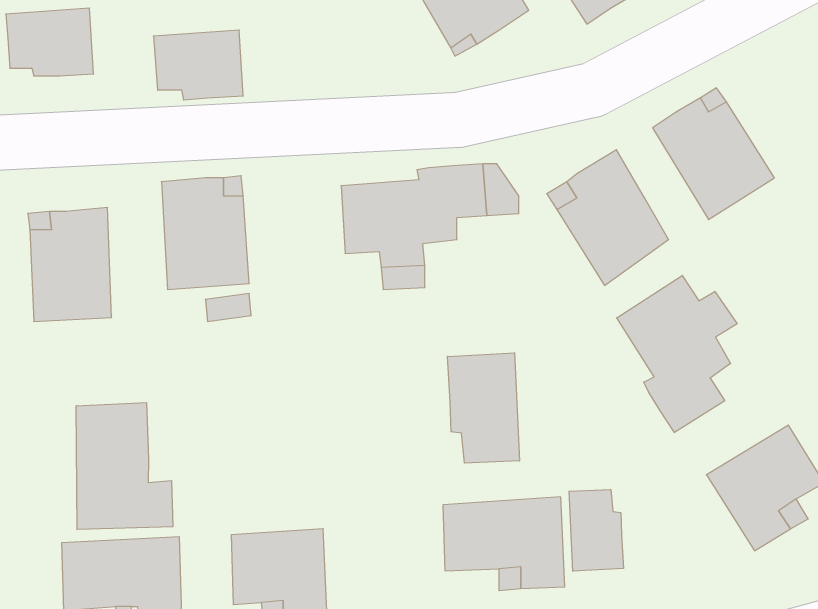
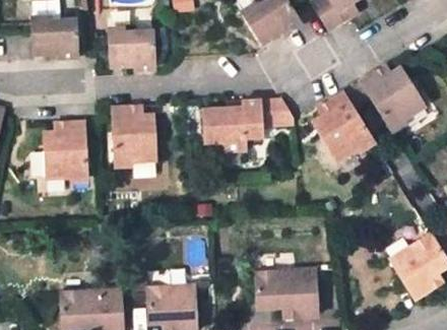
building: [617,275,737,433] -> none
building: [448,353,519,463] -> none
building: [76,403,173,530] -> none
building: [569,489,623,571] -> none

